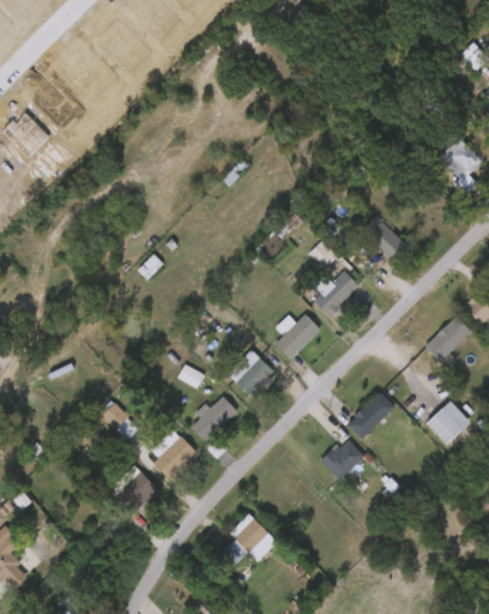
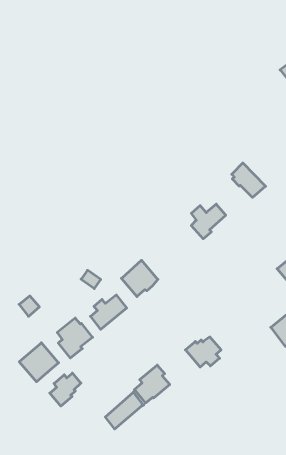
building: [273,313,320,359] -> none
building: [349,392,396,439] -> none
building: none -> [134,365,170,403]
building: none -> [50,373,81,406]

